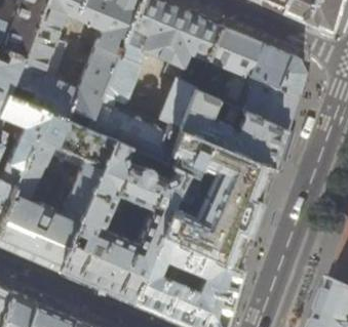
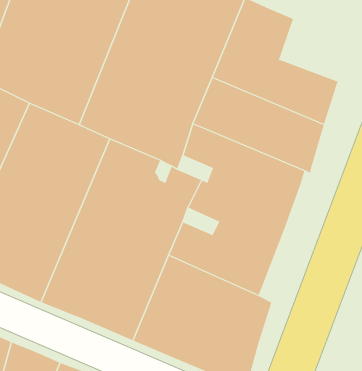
building: [246,42,300,92] -> none

